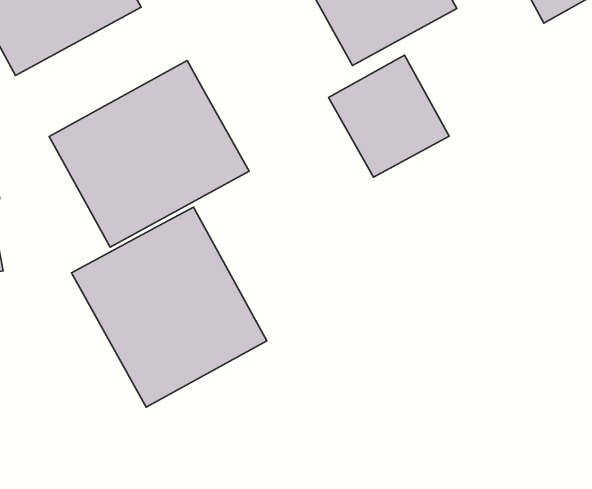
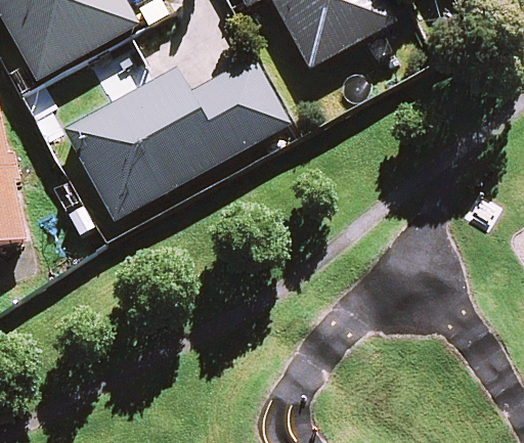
building: [329,55,449,177] -> [190,58,290,159]
building: [72,207,267,407] -> none

